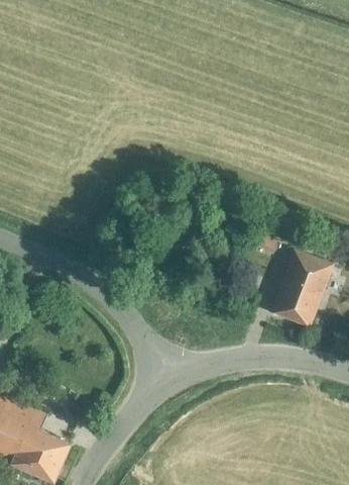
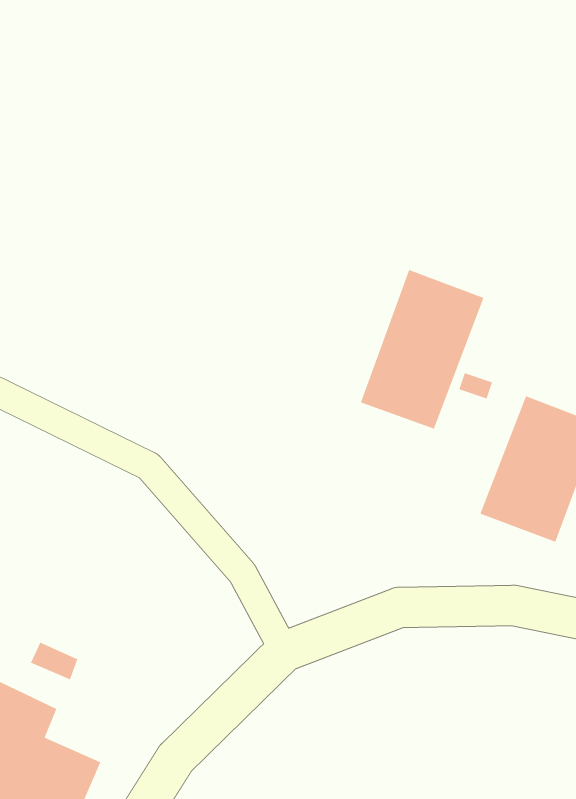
building: none -> [360,269,484,430]

